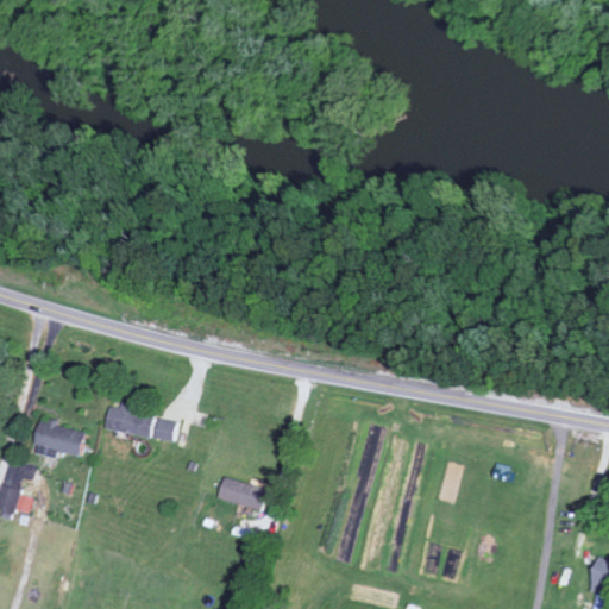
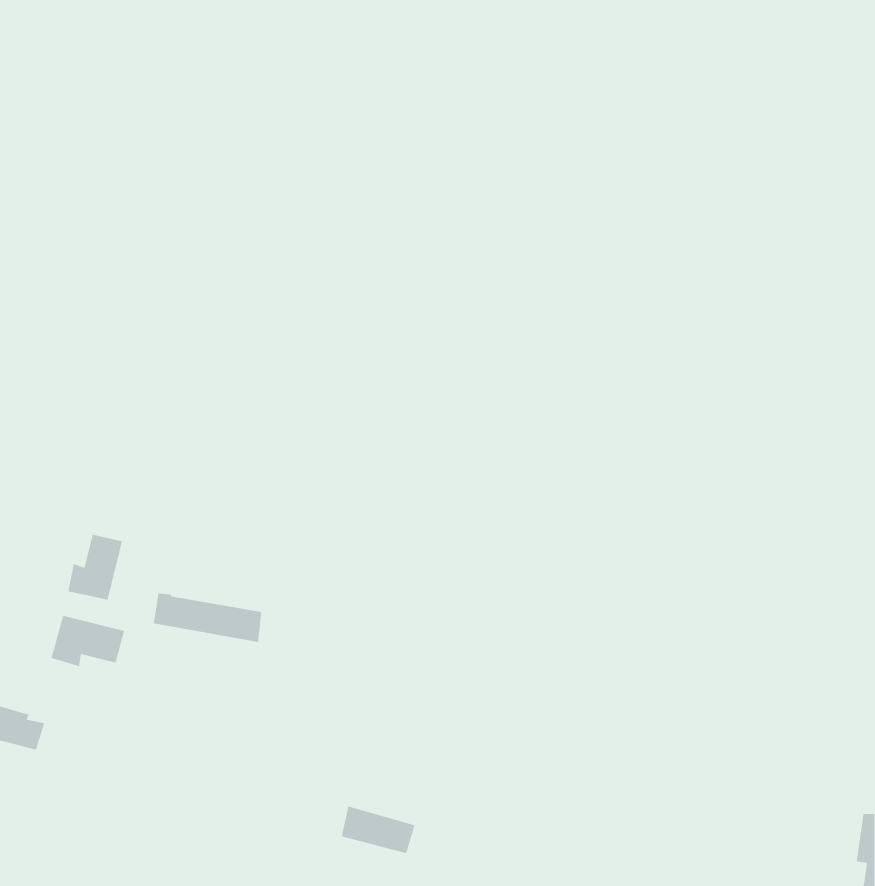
building: none -> [67,534,123,601]
building: [215,476,266,509] -> [341,806,416,854]

